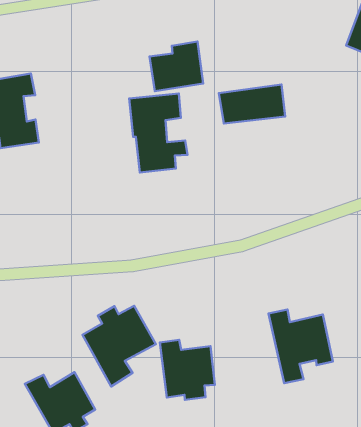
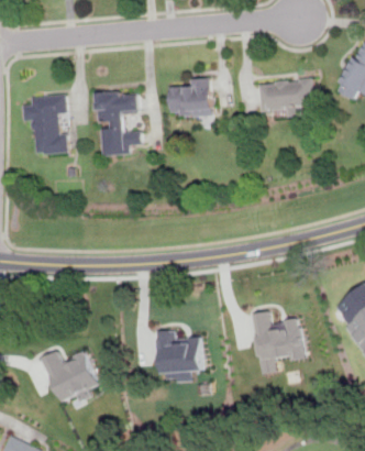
building: [219,84,285,124] -> [257,78,312,108]
building: [129,93,188,173] -> [95,90,141,155]
building: [82,306,156,386] -> none

